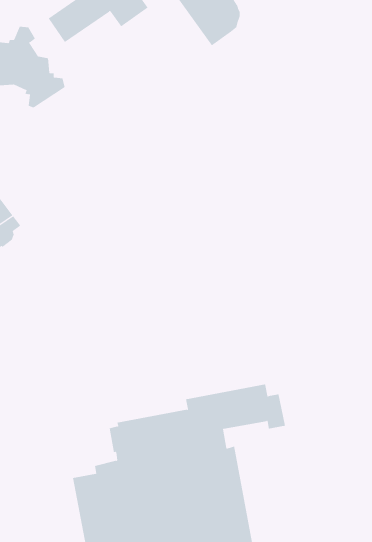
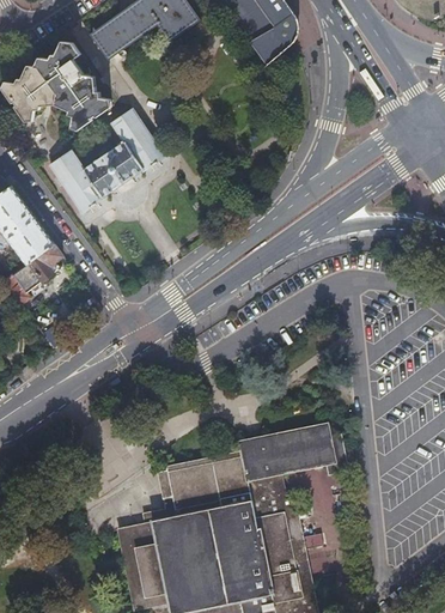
building: none -> [48,107,163,211]

